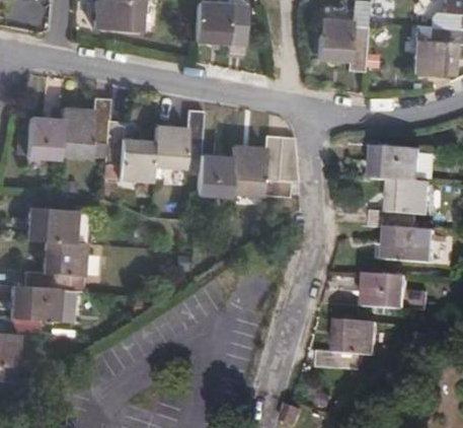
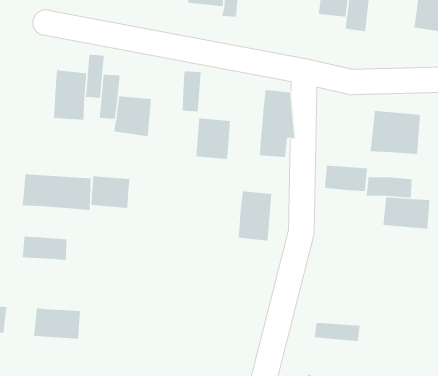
building: [155,117,187,163] -> none
building: [28,119,63,158] -> none
building: [232,140,265,190] -> [238,190,272,241]
building: [387,187,430,213] -> [324,165,368,192]
building: [49,239,87,272] -> [91,175,130,209]
building: [366,277,405,309] -> none
building: [17,288,64,319] -> [33,307,81,340]
building: [332,324,376,356] -> none

